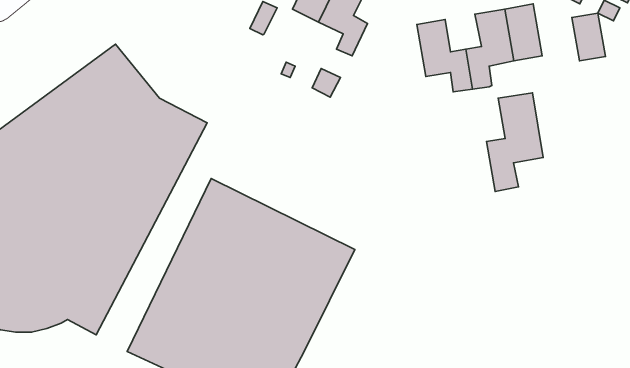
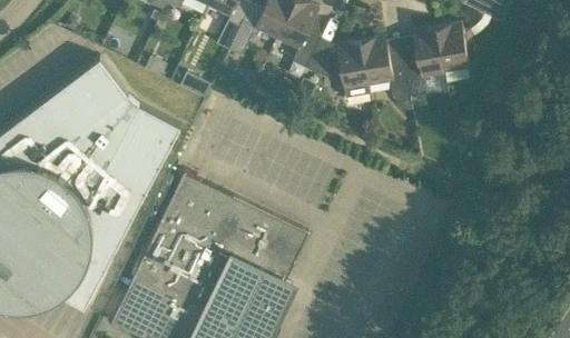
building: [572,13,605,61] -> none
building: none -> [305,39,370,98]
building: [487,93,543,192] -> none

